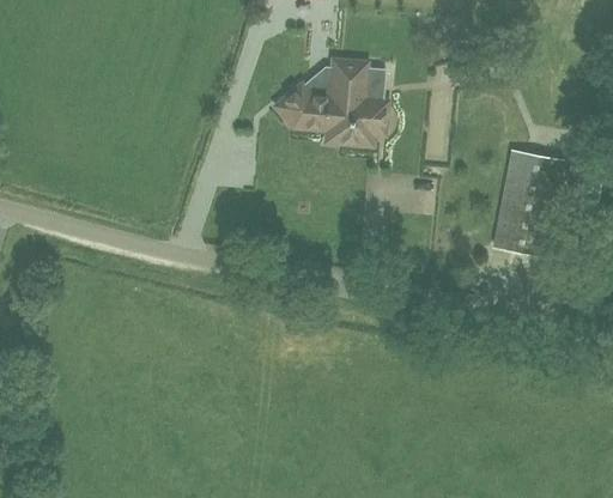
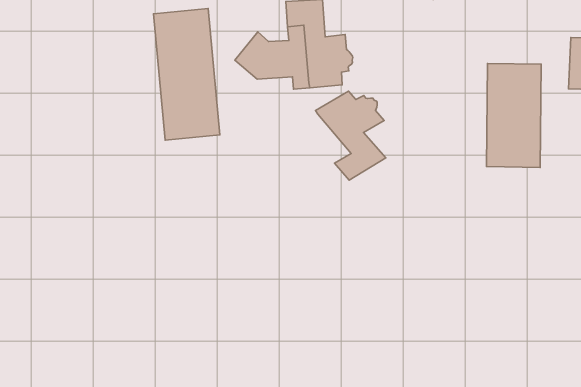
building: none -> [154,8,220,140]
building: none -> [316,91,386,180]

